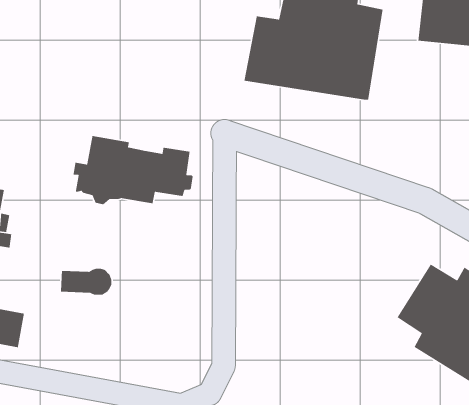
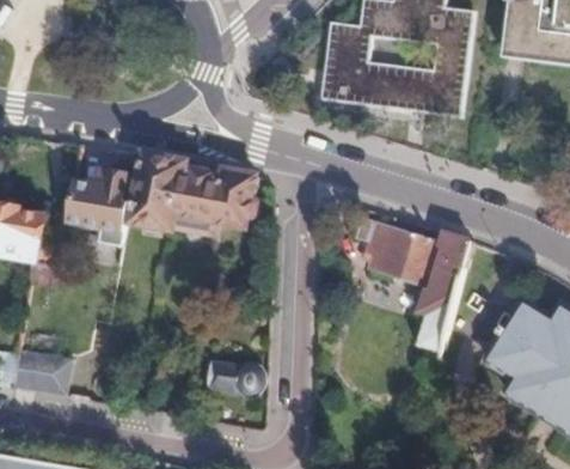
building: none -> [67,173,129,233]
building: none -> [354,219,468,353]
building: [60,268,112,296] -> [208,358,266,389]

